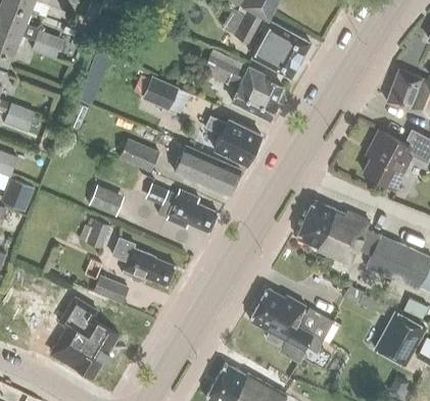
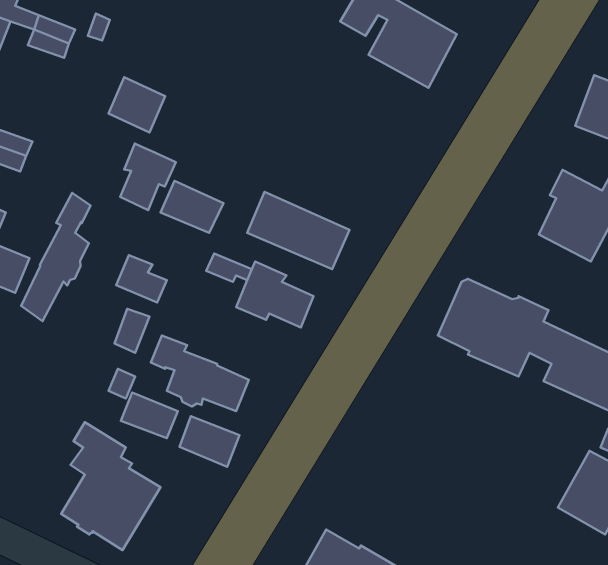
building: [203,48,282,118] -> none
building: [141,74,178,110] -> [108,77,165,132]
building: none -> [120,144,176,210]
building: [203,114,260,163] -> none
building: none -> [21,193,91,321]
building: [249,288,332,360] -> none
building: none -> [179,416,240,467]

